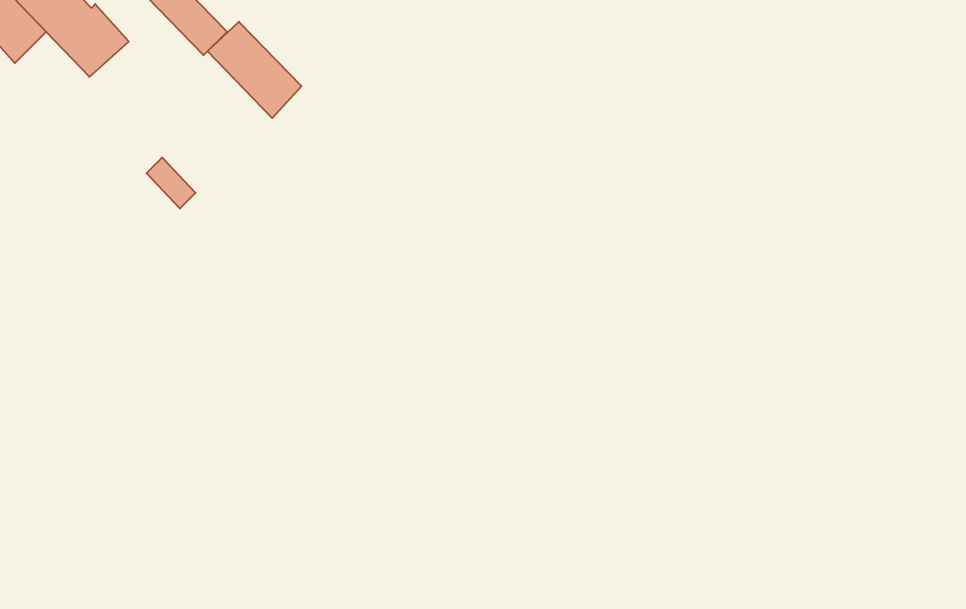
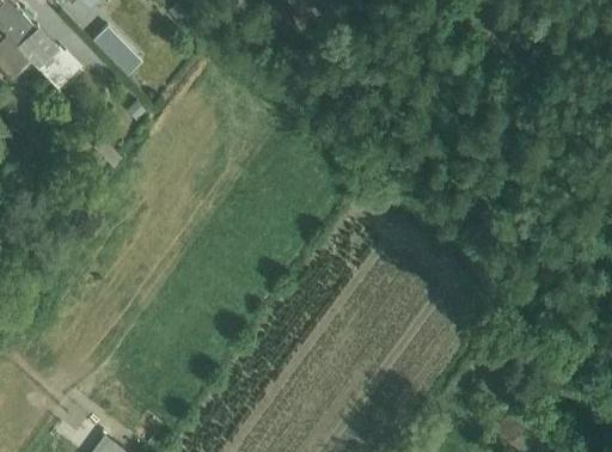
building: [208,22,301,118] -> none

